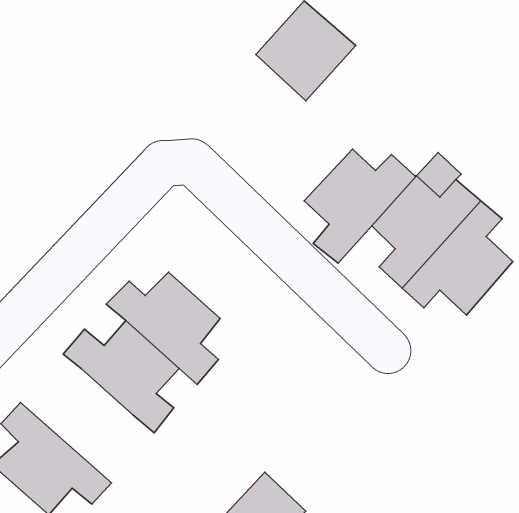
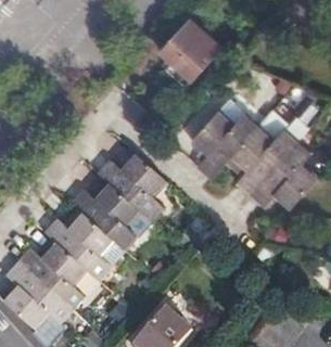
building: none -> [97,155,166,223]
building: none -> [17,243,86,312]

